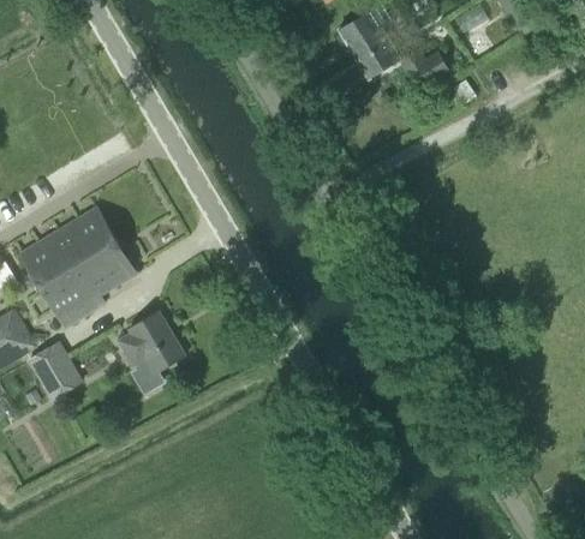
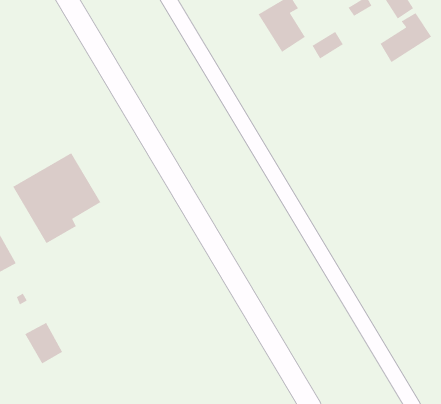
building: none -> [380,12,432,63]
building: [117,311,184,394] -> none
building: [29,343,79,399] -> [24,322,63,364]

